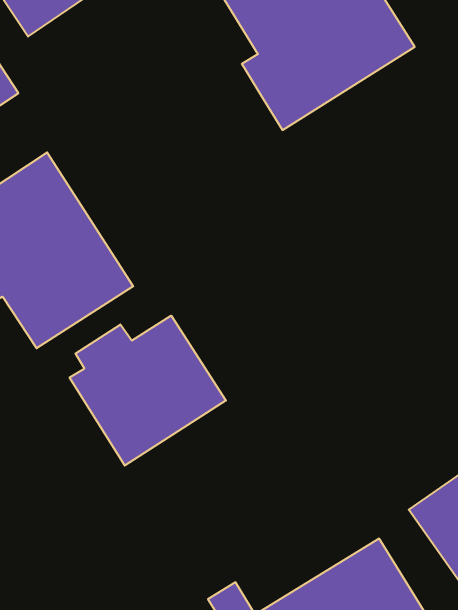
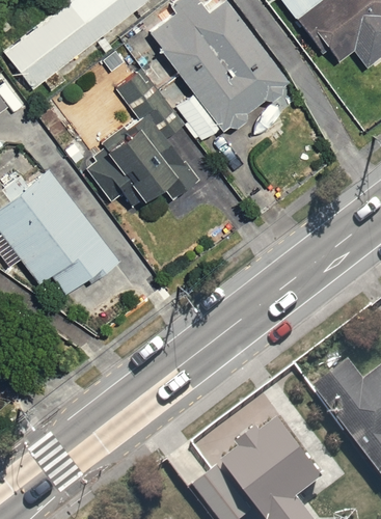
building: none -> [85,63,199,209]
building: [70,316,226,466] -> none

